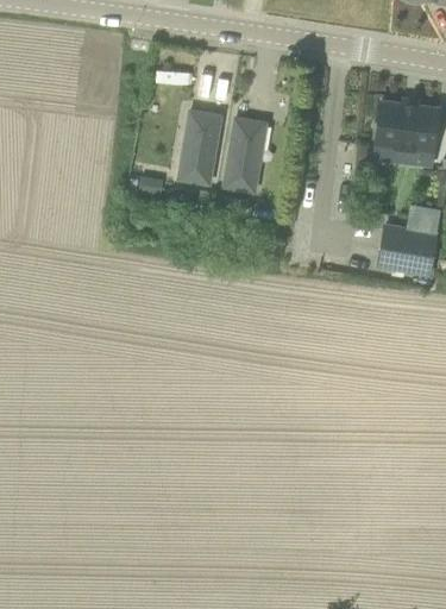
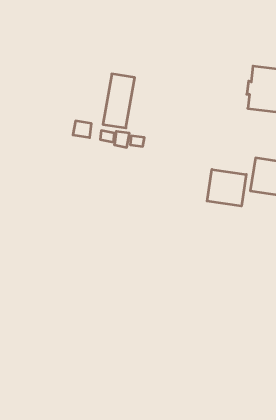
building: [224,119,265,193] -> none
building: none -> [207,169,246,206]

